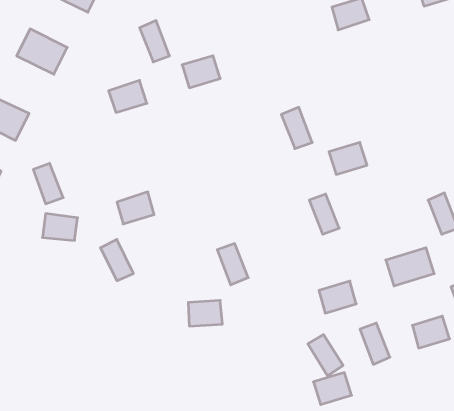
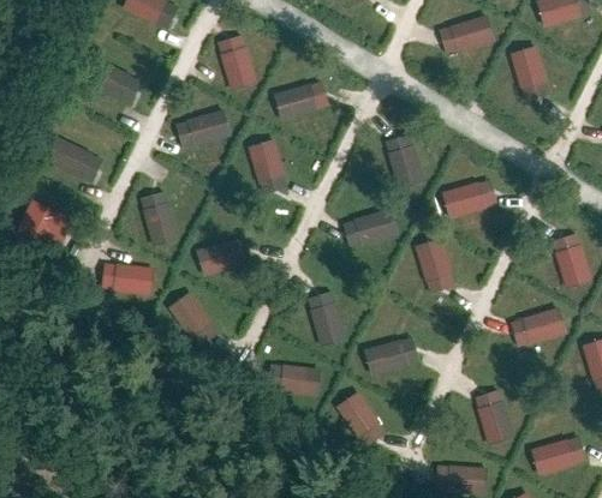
building: none -> [515,48,550,96]
building: none -> [248,133,282,181]
building: [33,163,63,204] -> [144,202,179,248]
building: none -> [348,210,393,247]
building: [319,281,356,313] -> [365,342,409,379]
building: [412,316,450,348] -> [528,439,571,476]
building: [308,335,343,376] -> [342,397,383,445]

